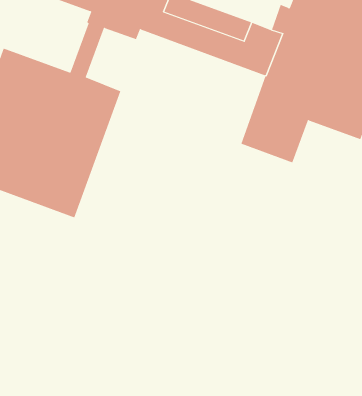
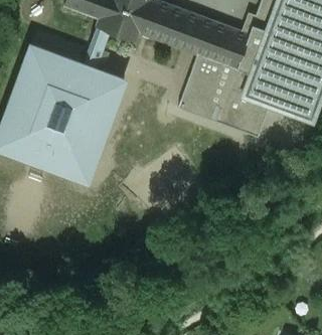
building: none -> [178,54,236,122]

